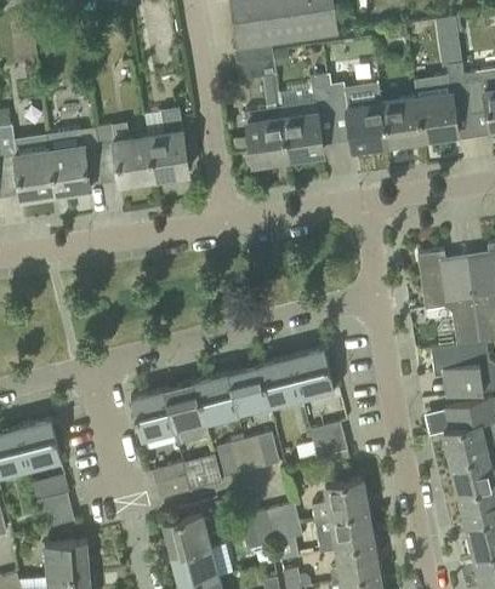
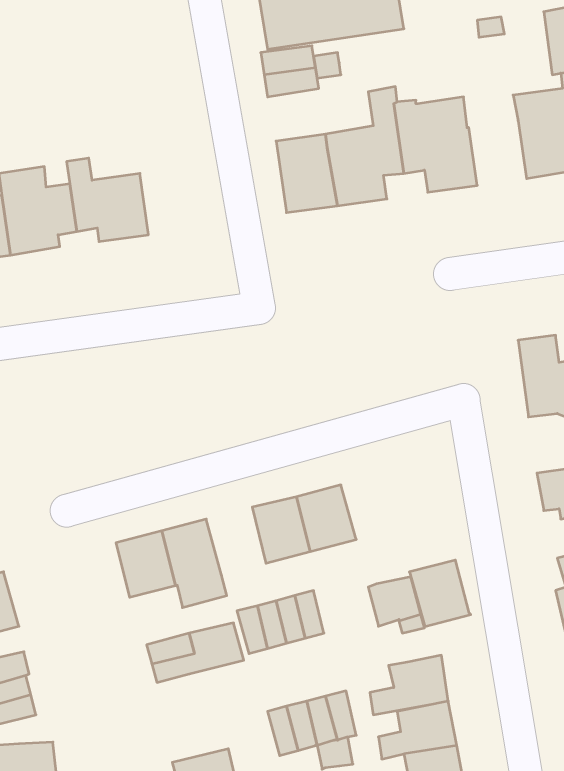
building: [382,98,423,144] -> none
building: [148,109,189,179] -> none
building: [291,349,335,396] -> [409,560,471,626]
building: [195,373,238,422] -> none
building: [164,503,212,555] -> none

